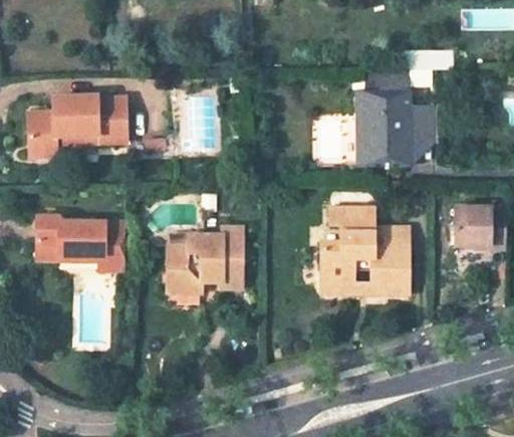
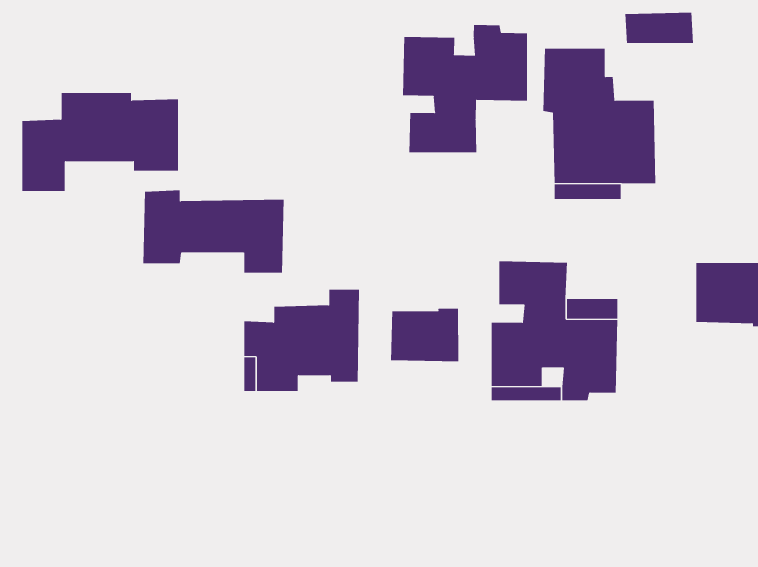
building: none -> [402,24,528,153]
building: [31,215,121,268] -> [143,190,284,273]
building: none -> [391,308,459,362]

